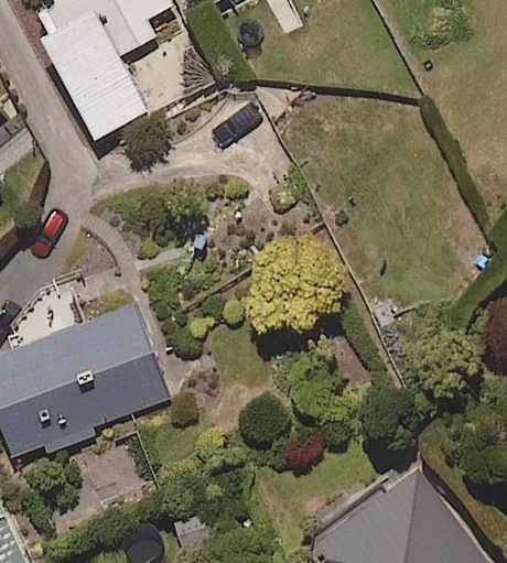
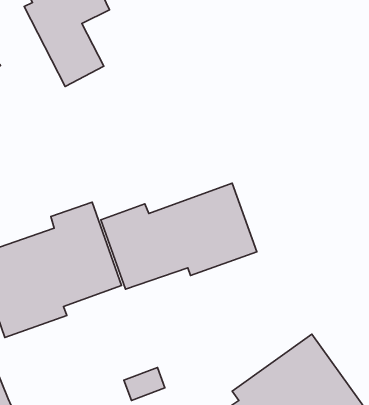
building: none -> [101,183,257,289]

